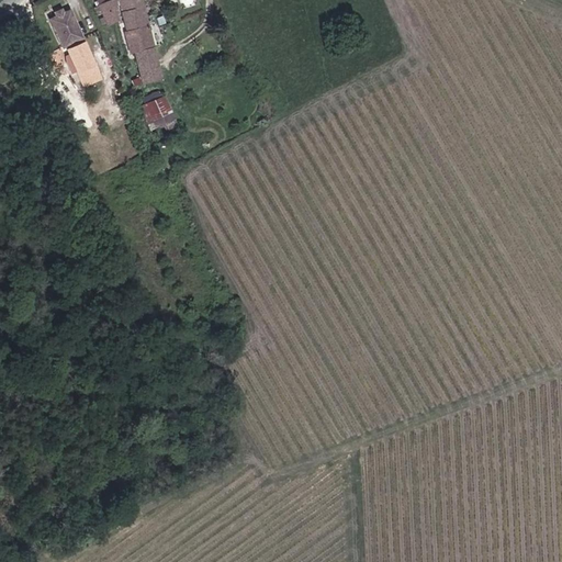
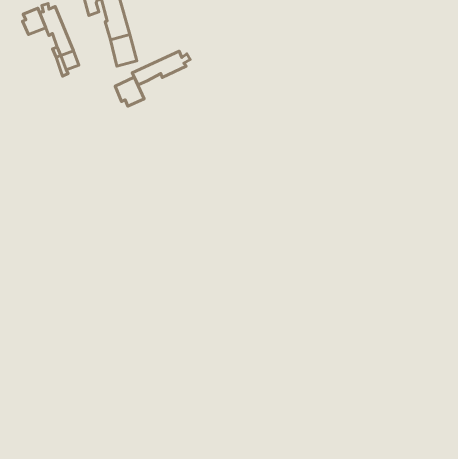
building: none -> [22,8,46,35]
building: none -> [132,51,190,85]

